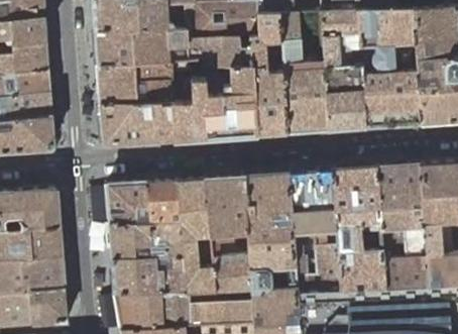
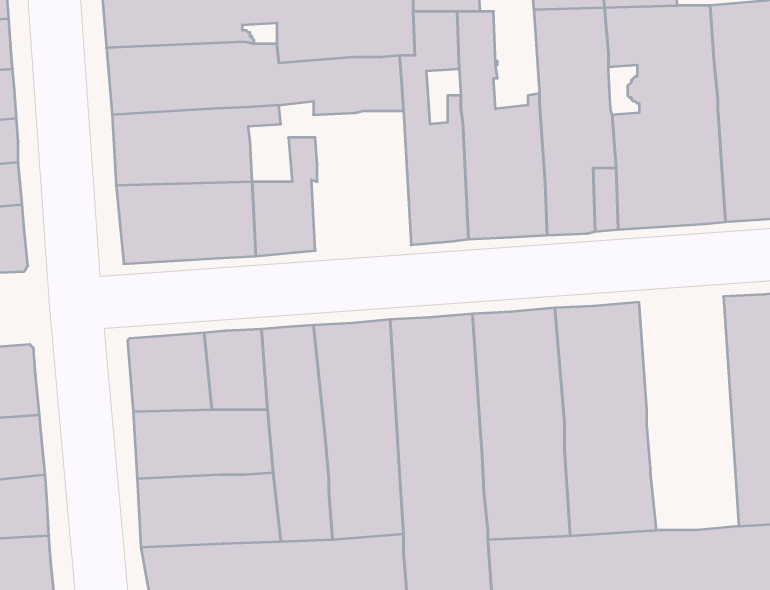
building: [203,66,255,139] -> none
building: [375,163,428,287] -> none

